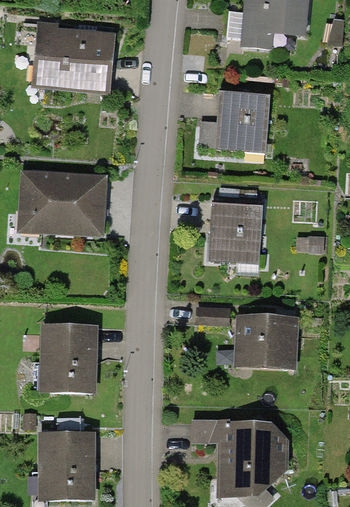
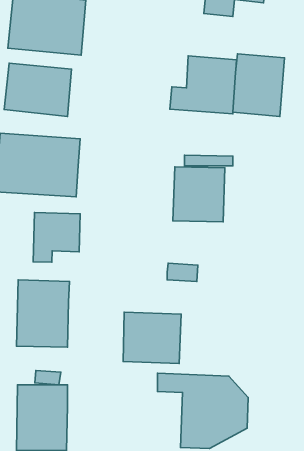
building: none -> [233,54,284,117]
building: none -> [4,63,72,116]
building: none -> [33,212,80,262]
building: [239,315,299,368] -> [123,312,181,363]

